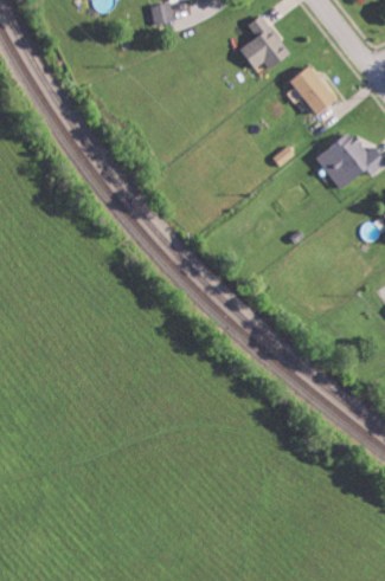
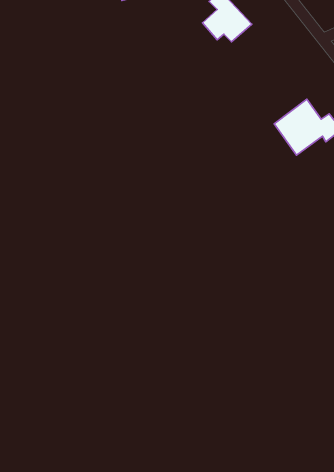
building: [290,65,336,116] -> none

